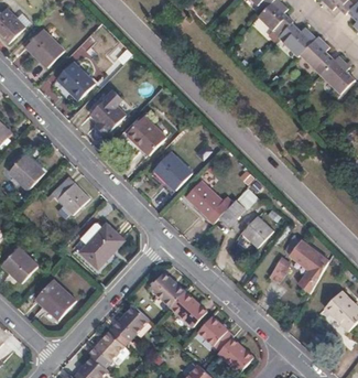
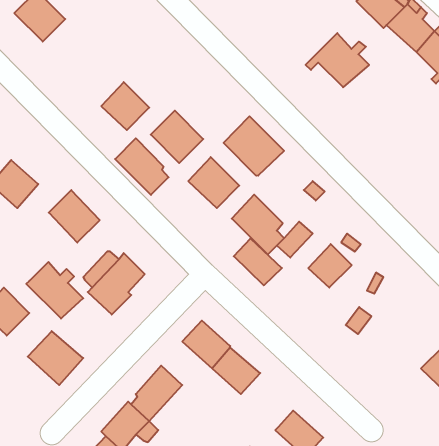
building: none -> [306,33,369,87]
building: [56,62,95,100] -> none
building: none -> [224,116,284,176]
building: none -> [115,138,169,195]
building: none -> [234,238,282,285]
building: none -> [26,262,83,319]
building: [290,242,327,294] -> none
building: [197,316,232,350] -> none

